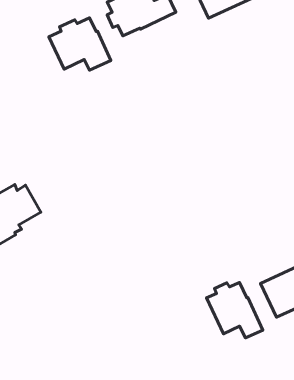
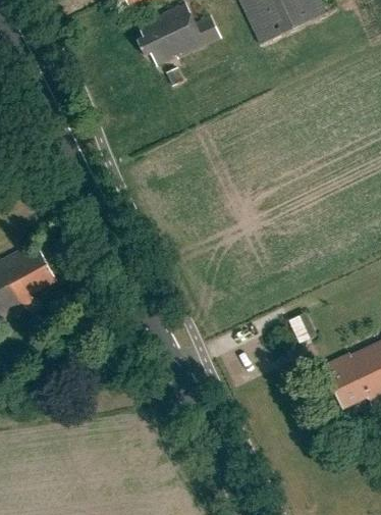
building: [49,18,111,70] -> none
building: [207,283,263,338] -> none

